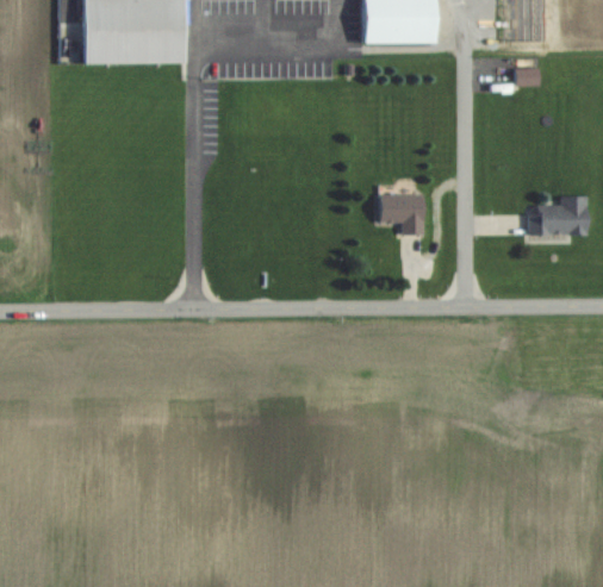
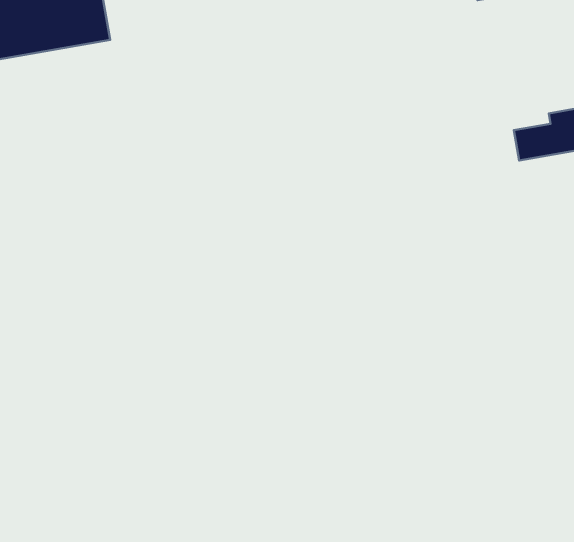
building: [380,192,423,231] -> none

